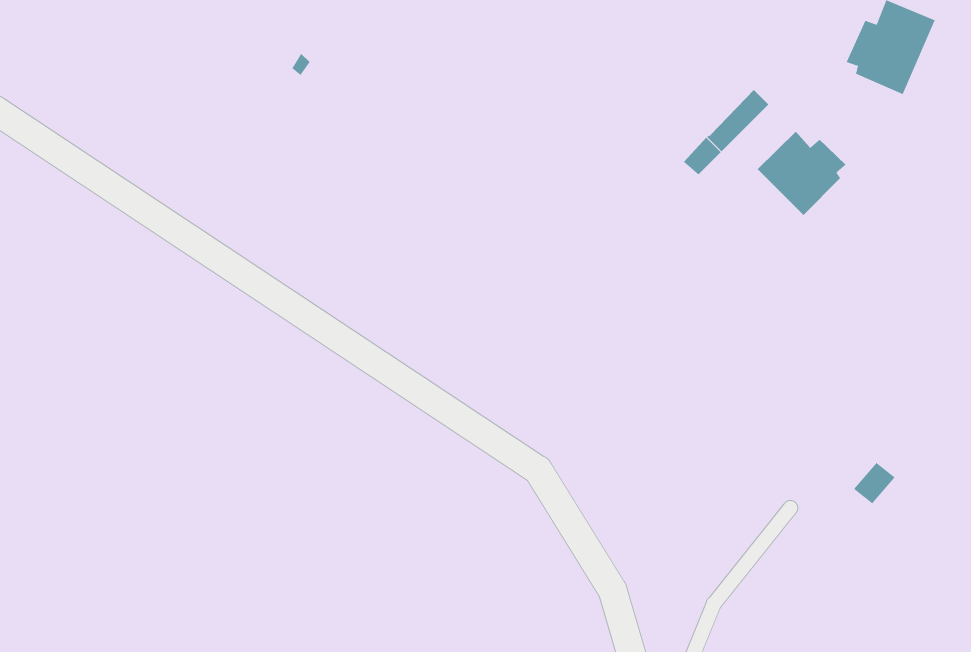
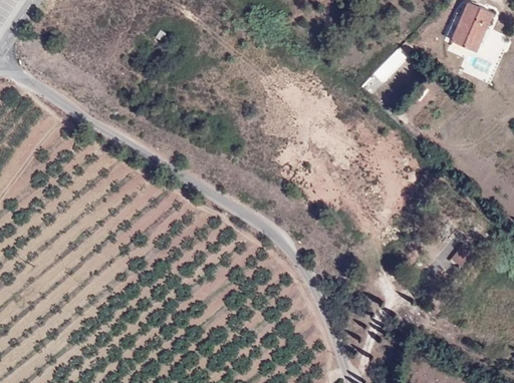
building: [757,131,846,216] -> none

